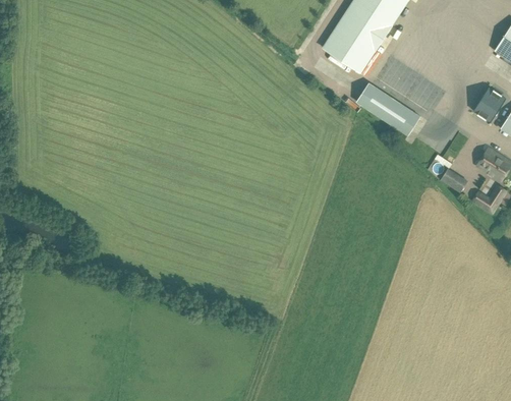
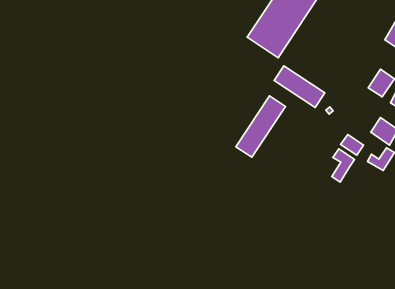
building: none -> [236,96,285,157]
building: none -> [332,149,354,182]

